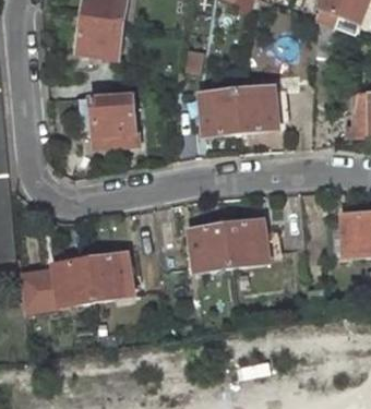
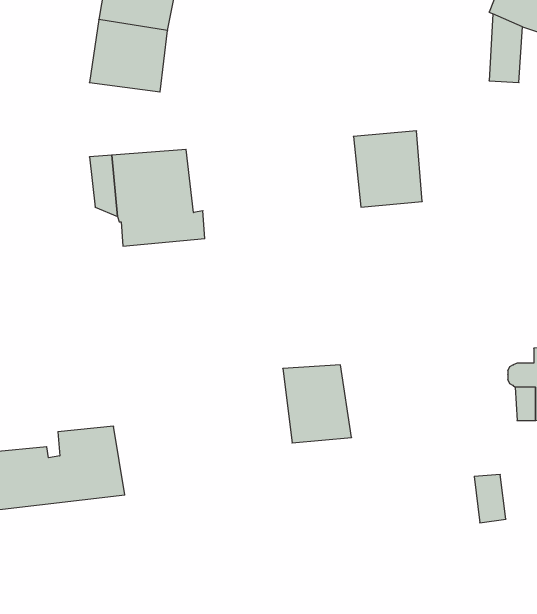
building: [196,88,238,133] -> none
building: [226,217,268,265] -> none
building: [93,253,134,299] -> none

